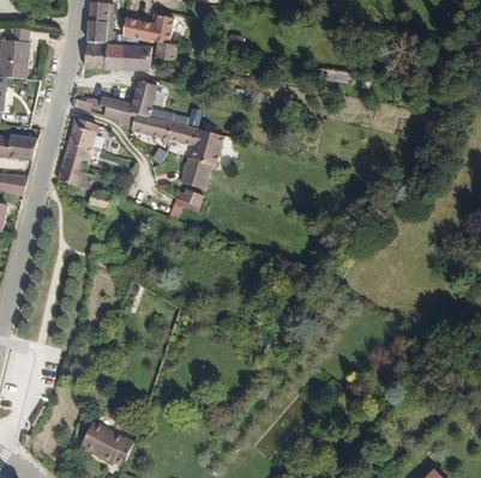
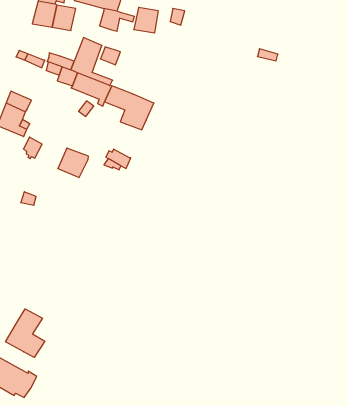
building: [125,44,149,69] -> [134,7,158,33]
building: [68,117,97,147] -> none
building: [181,159,212,189] -> [58,148,88,178]
building: none -> [6,309,45,357]

